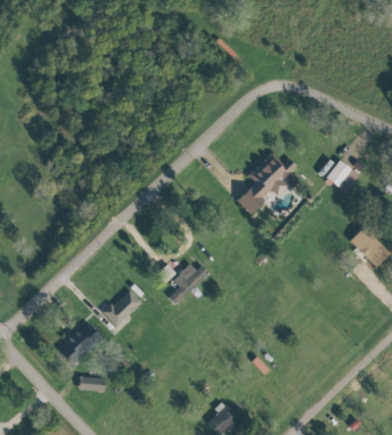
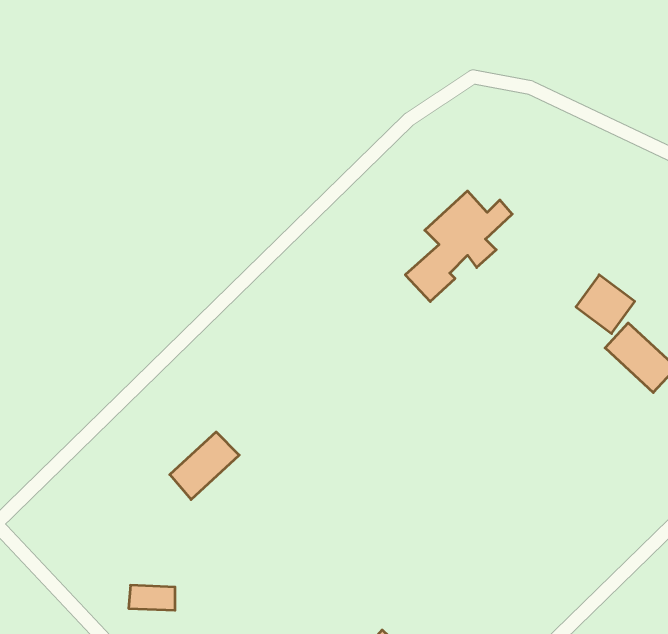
building: [326,159,359,193] -> [576,275,635,334]
building: [168,265,209,304] -> none
building: [58,321,102,364] -> none

